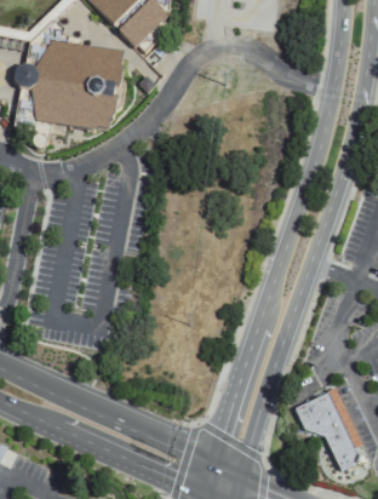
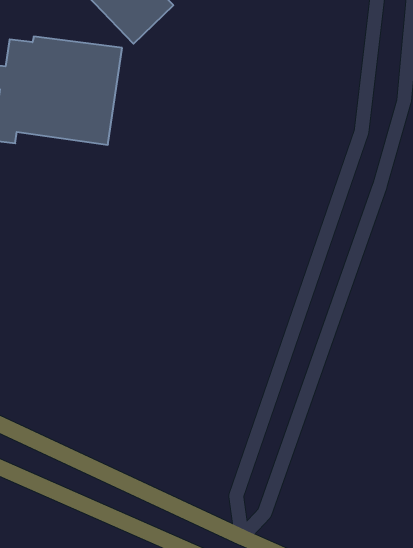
building: [297,388,367,469] -> none

